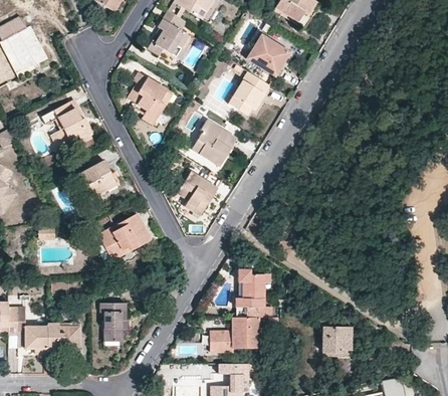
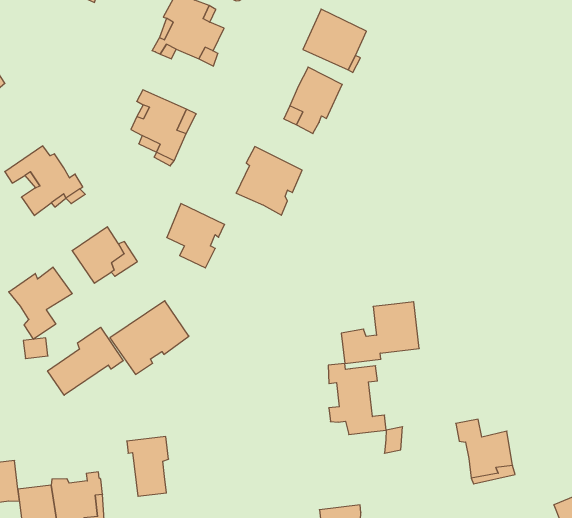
building: [178,172,217,216] -> [167,204,225,268]
building: none -> [9,267,72,339]
building: none -> [48,327,123,395]
building: [210,317,260,352] -> [341,302,419,363]

